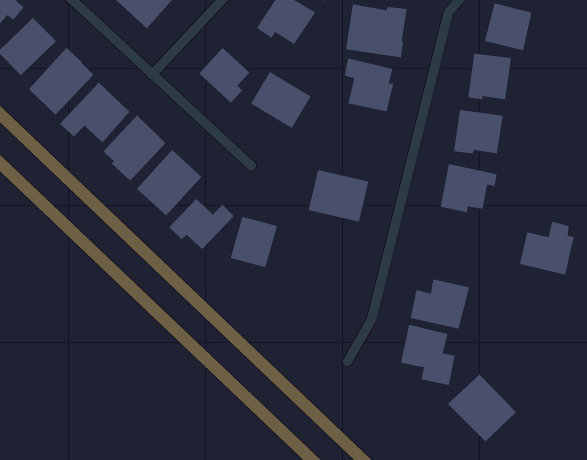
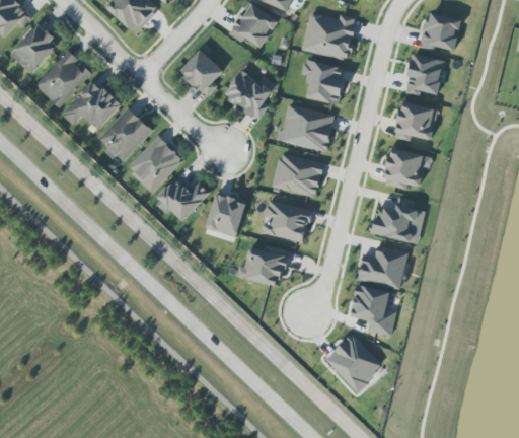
building: none -> [280,104,333,150]
building: [519,221,574,275] -> [371,196,418,241]
building: none -> [261,199,315,241]
building: none -> [240,245,287,285]
building: [447,374,517,442] -> [324,333,383,390]

